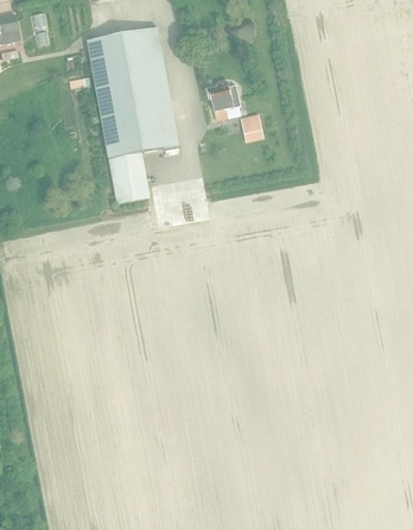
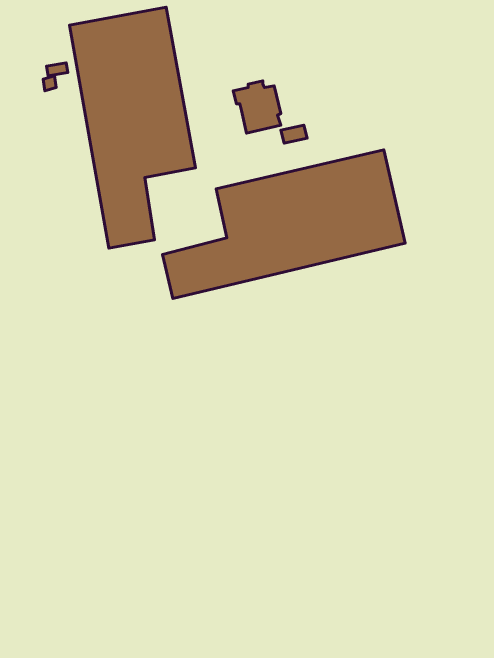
building: none -> [162,150,405,298]

